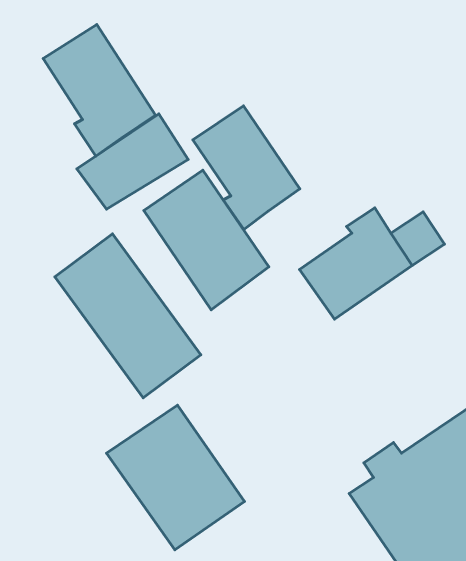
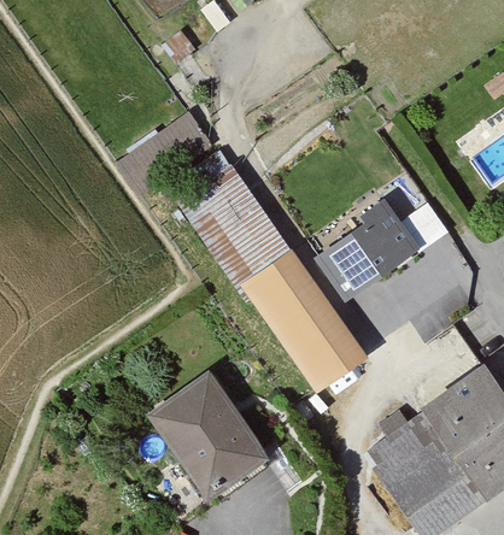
building: [43,25,155,156] -> none
building: [193,106,300,229] -> none
building: [55,234,201,398] -> [240,249,371,396]

